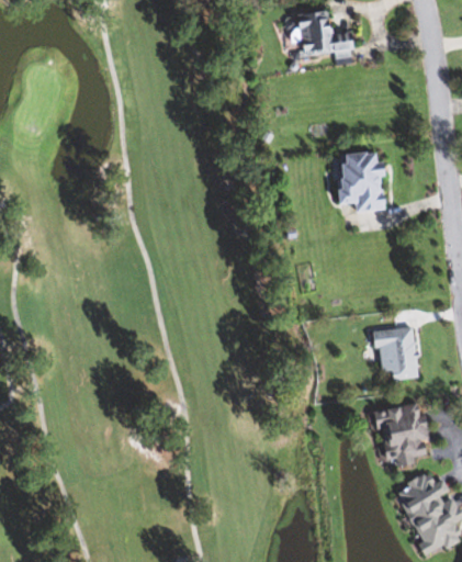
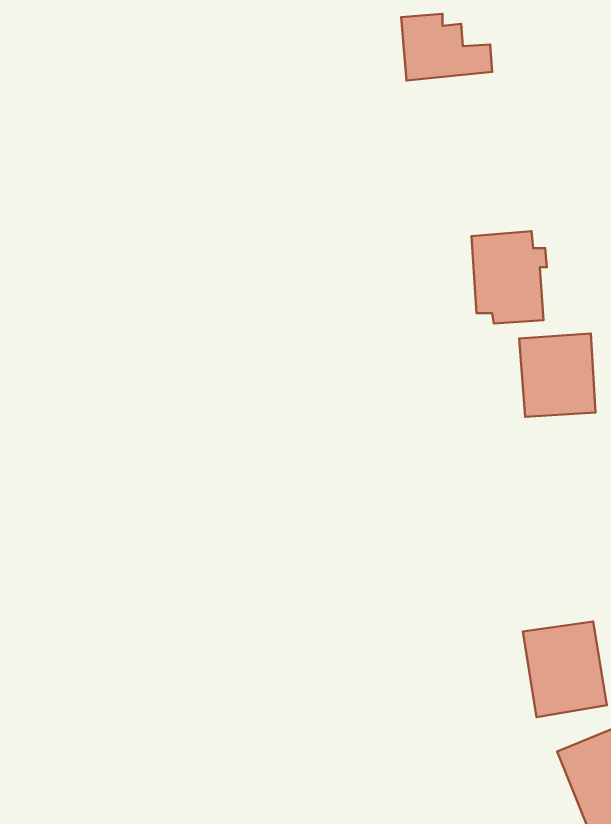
building: none -> [519,334,595,417]
building: [373,327,418,381] -> none

